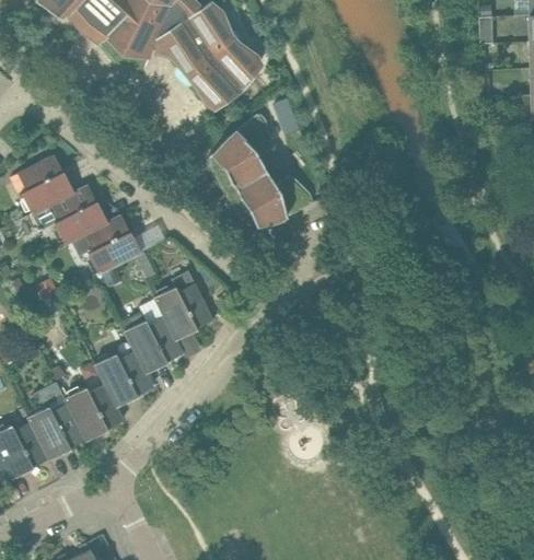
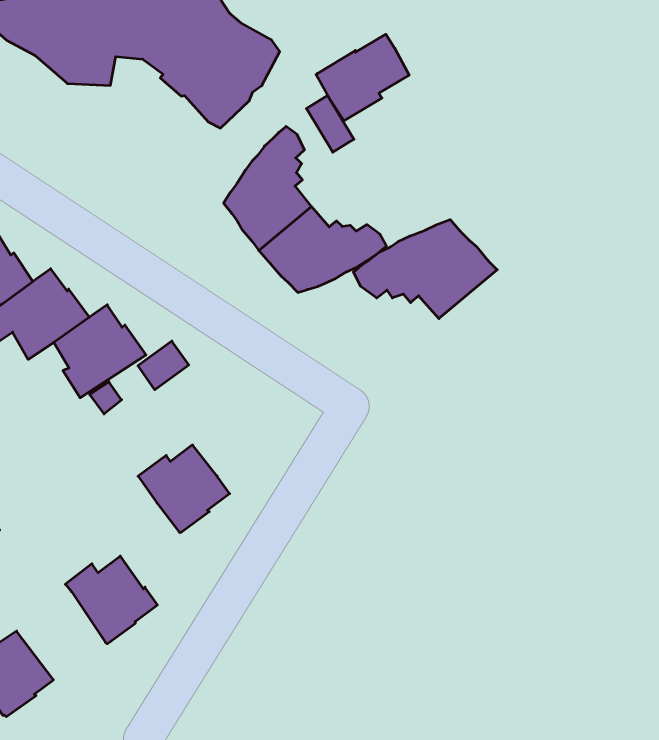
building: none -> [316,34,409,121]
building: none -> [353,220,497,319]
building: [153,271,213,339] -> none
building: [94,351,153,407] -> none
building: [25,401,85,459] -> none

